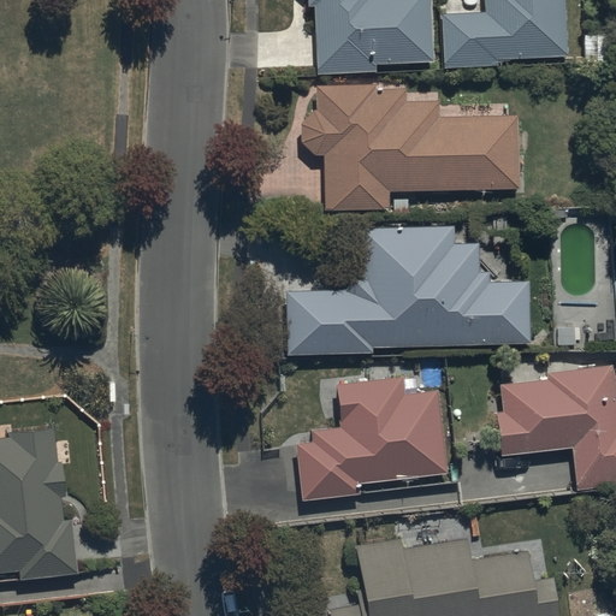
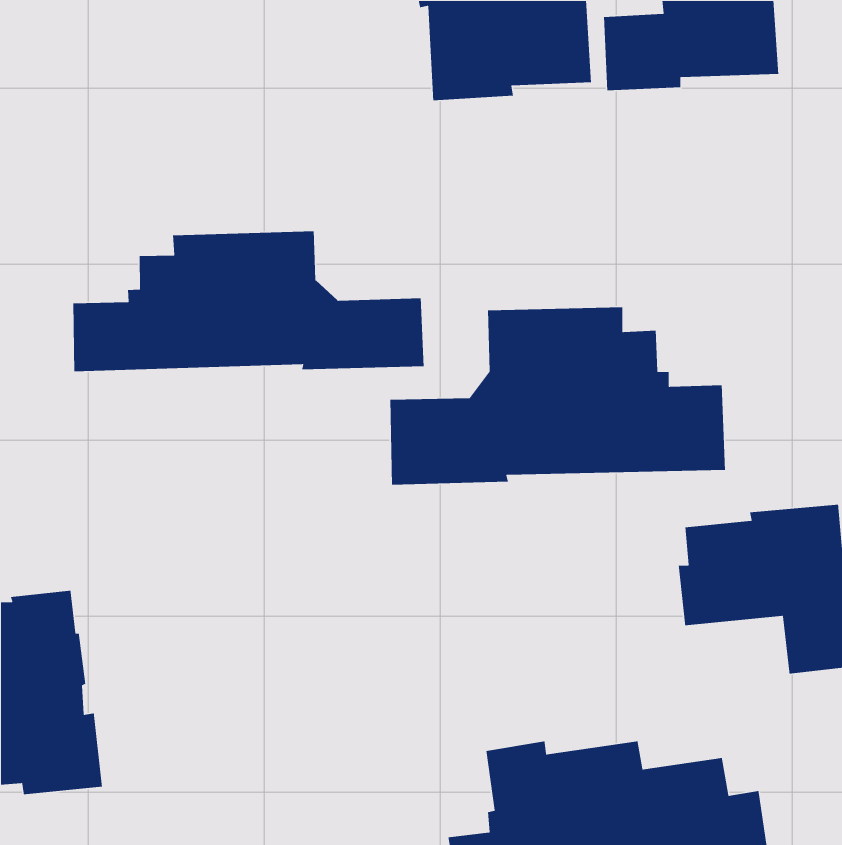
building: [301,83,520,211] -> none
building: none -> [72,231,424,372]
building: [296,375,448,499] -> none

